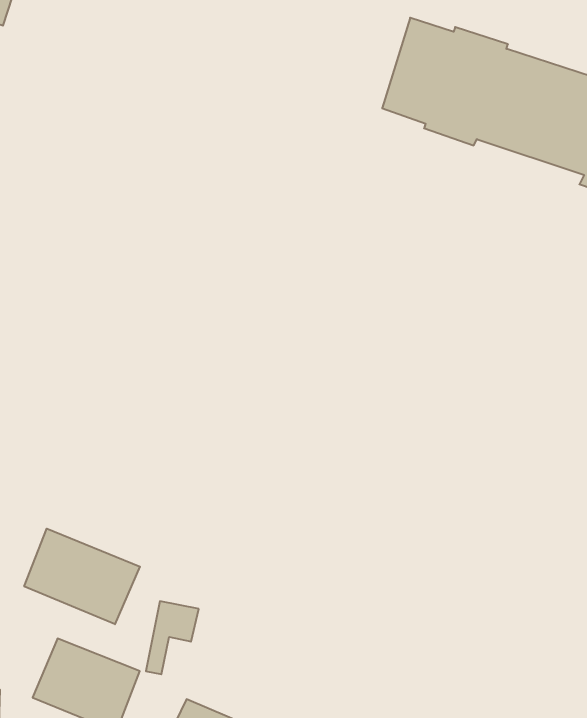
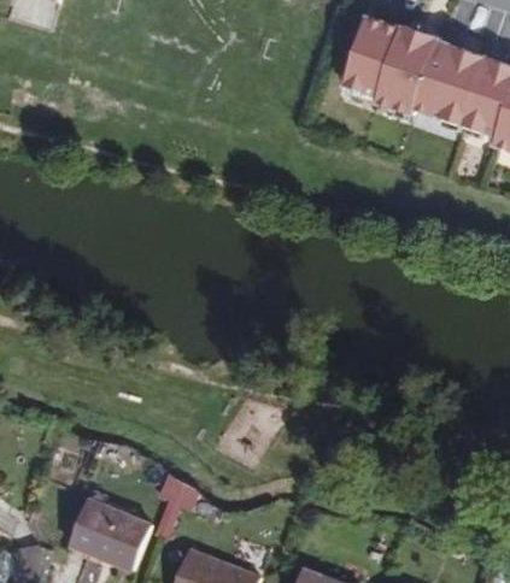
building: [24,529,140,624] -> none

